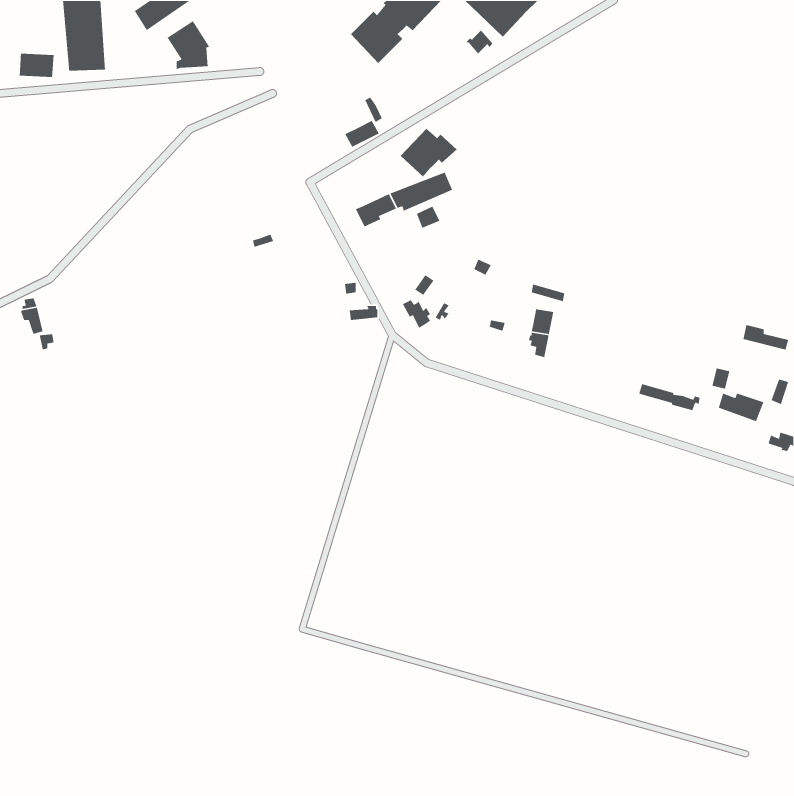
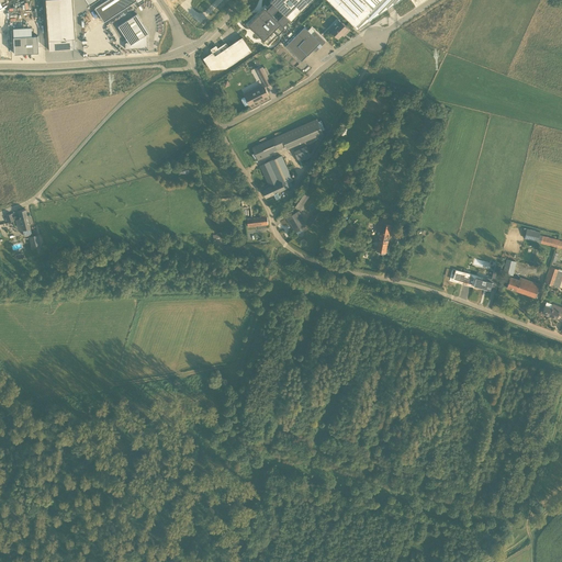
building: none -> [202,37,250,69]
building: [400,128,458,178] -> [284,26,325,61]
building: none -> [259,156,292,198]

